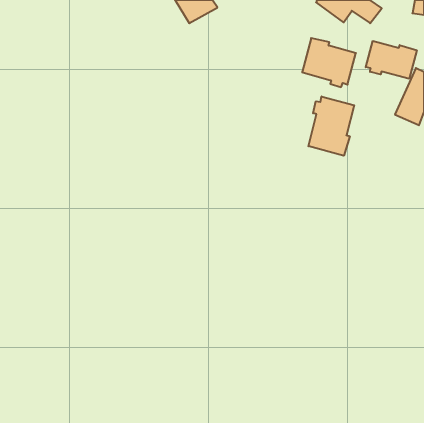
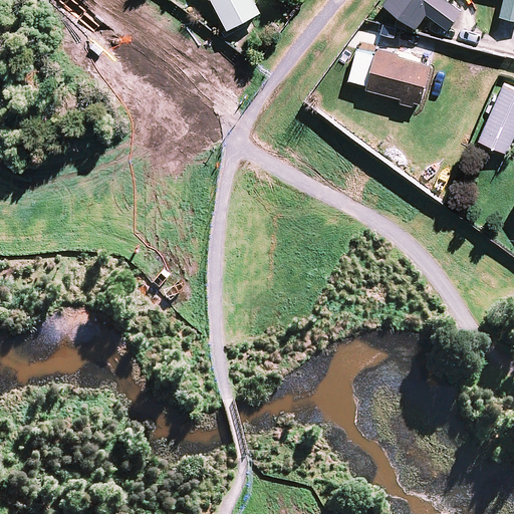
building: [366,41,417,79] -> none
building: [308,96,354,156] -> none

